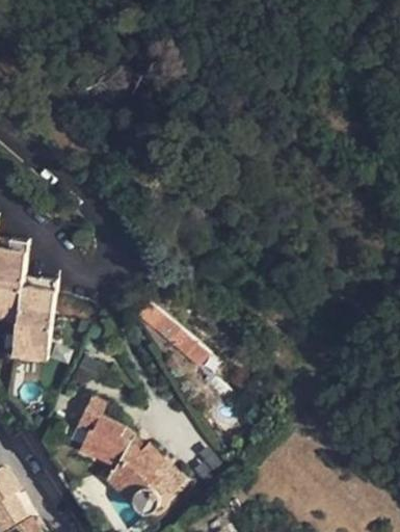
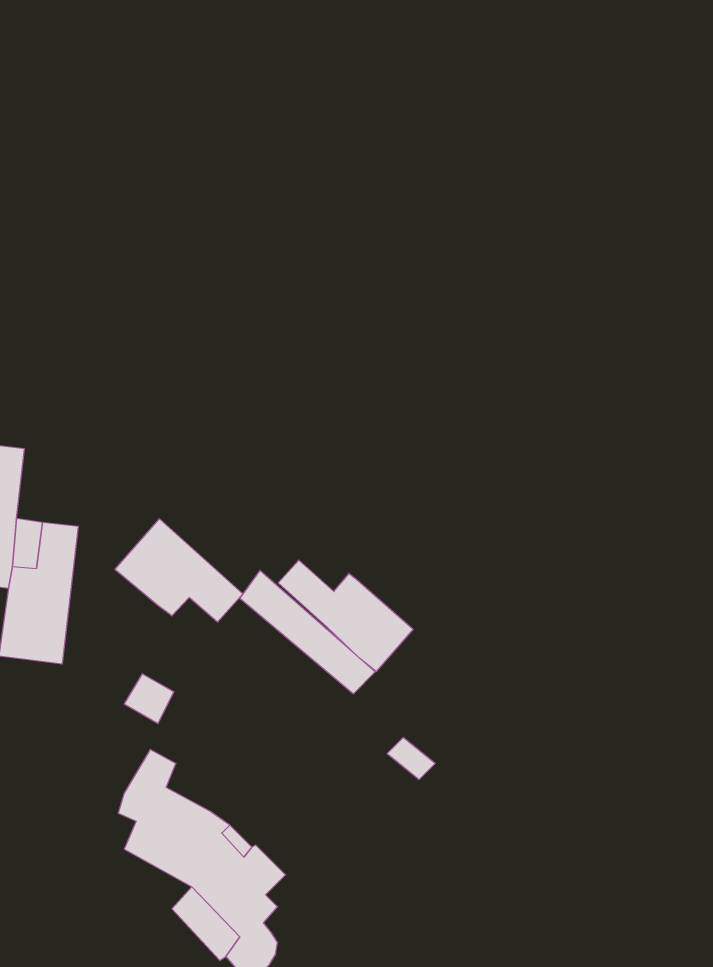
building: none -> [115,519,243,622]
building: none -> [278,560,413,671]

